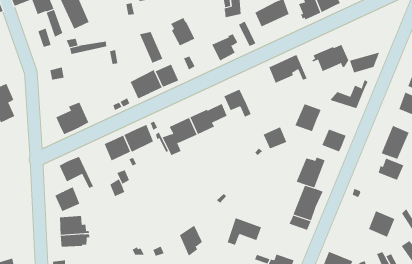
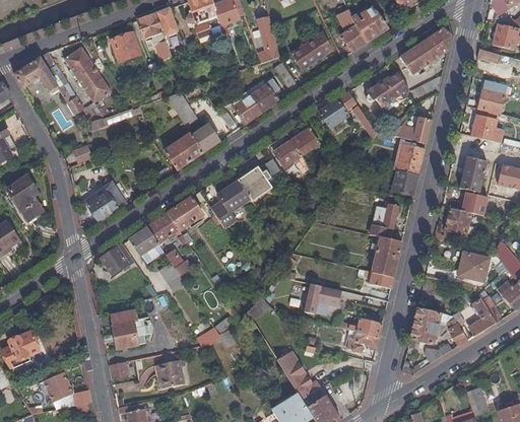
building: none -> [399,27,451,74]
building: [170,17,195,46] -> [232,90,262,124]
building: [295,103,321,132] -> [396,143,424,173]
building: [263,127,287,149] -> [289,128,318,155]
building: none -> [446,208,472,234]
building: [55,186,80,212] -> [127,225,157,256]

